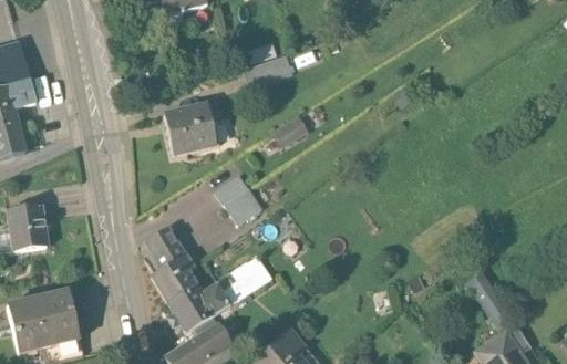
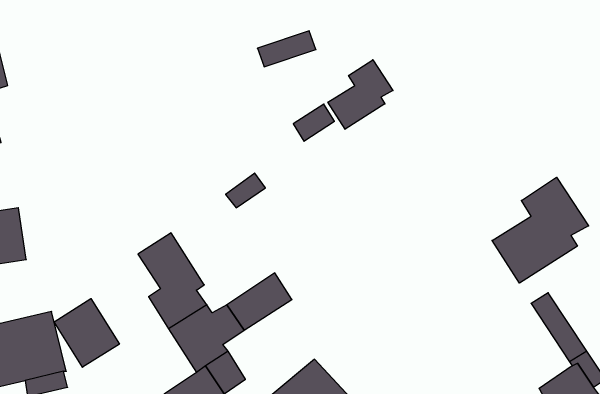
building: none -> [328,60,393,129]
building: [164,103,215,153] -> none
building: none -> [492,177,589,283]
building: [224,185,261,221] -> none
building: none -> [54,299,119,367]

